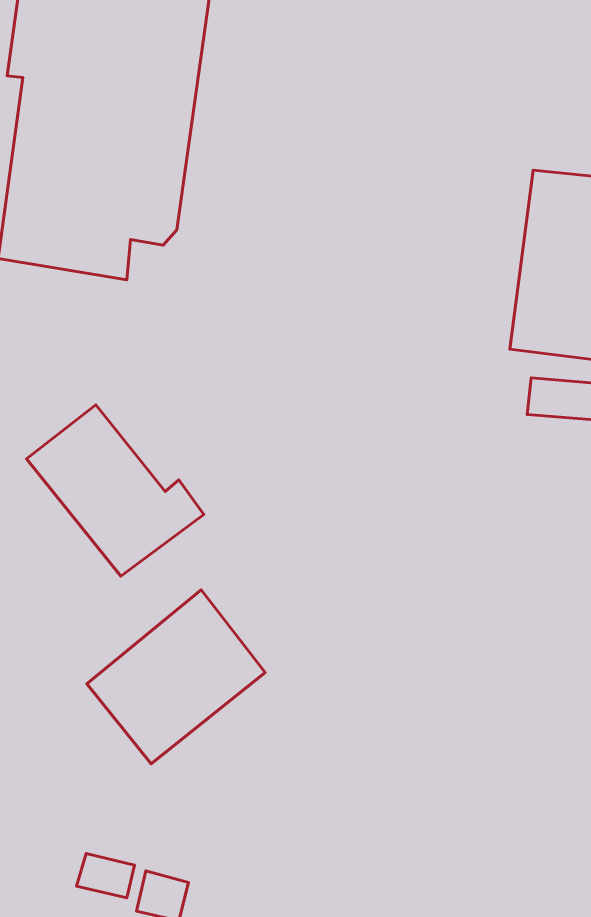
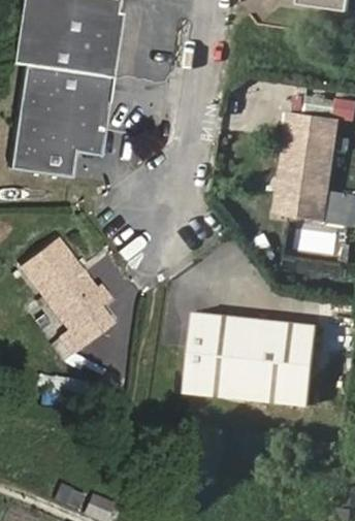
building: none -> [184,311,318,403]
building: [87,590,265,764] -> none

